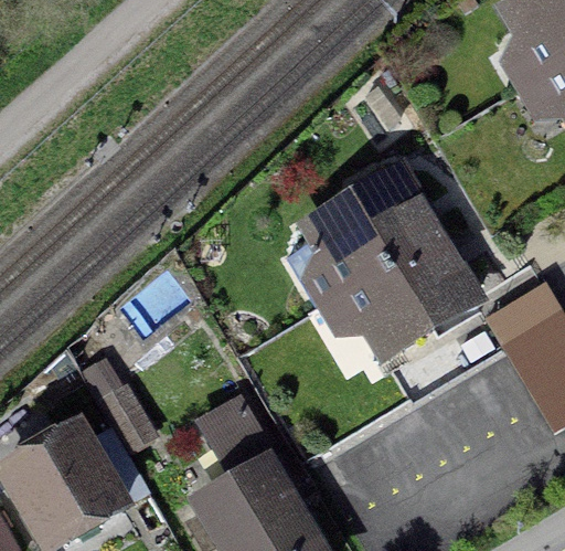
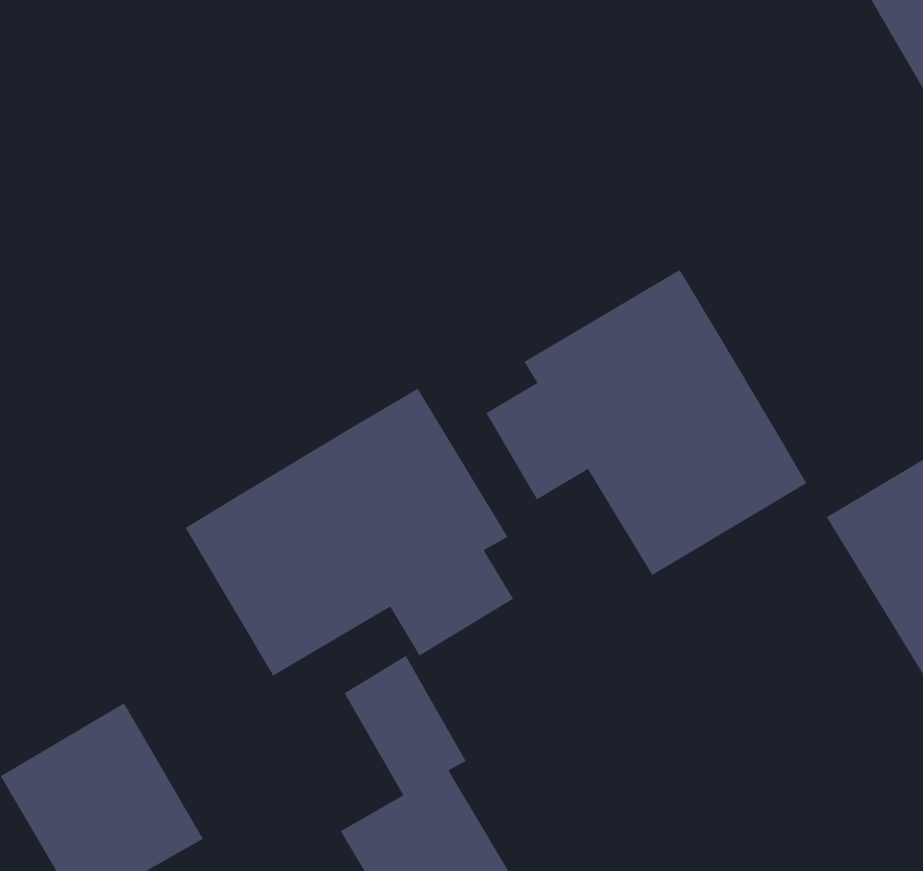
building: none -> [185,388,514,676]

